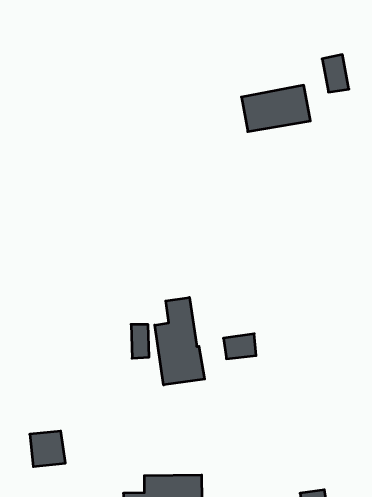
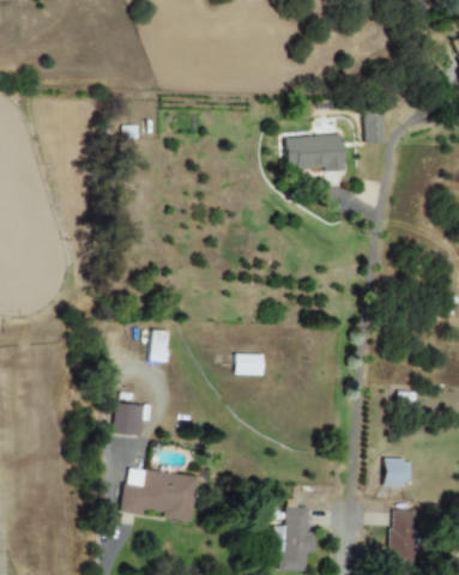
building: [155,297,205,385] -> none
building: [30,431,65,467] -> [114,404,144,435]

